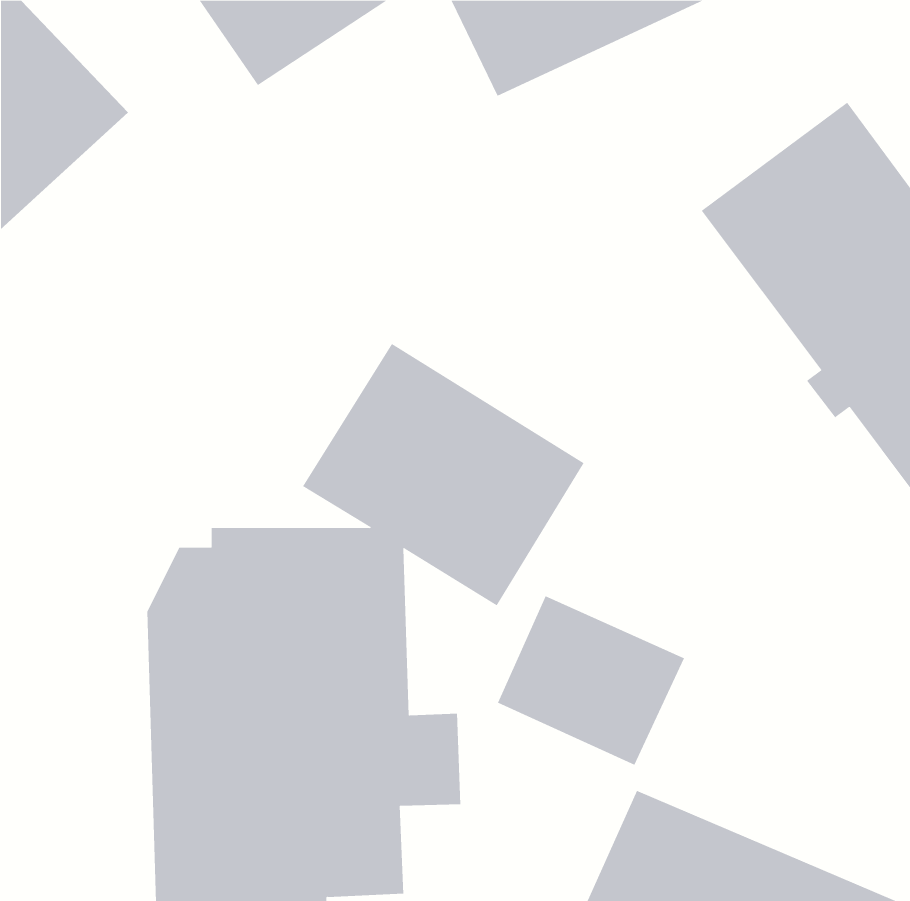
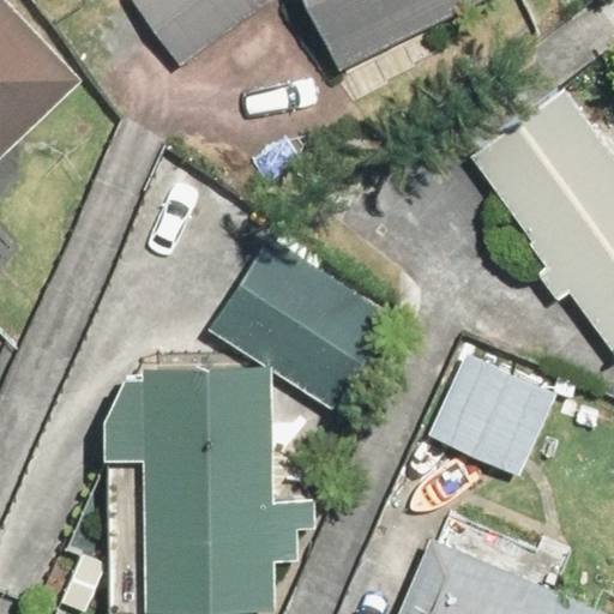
building: [497,596,685,765] -> [428,350,554,464]

